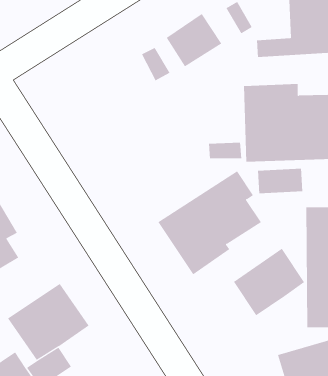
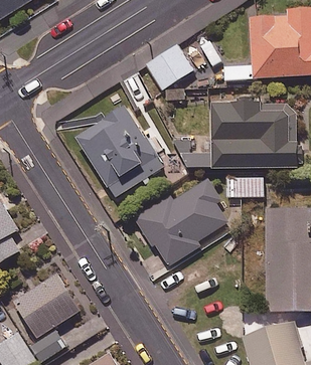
building: none -> [75,106,164,197]
building: [233,248,305,316] -> none

